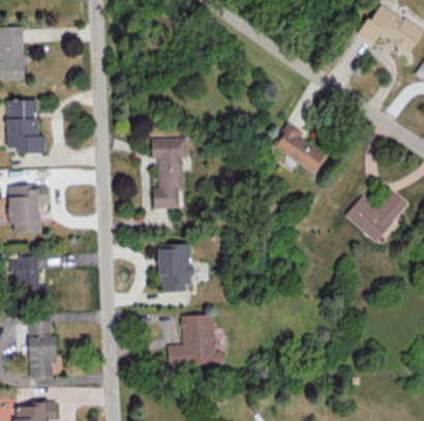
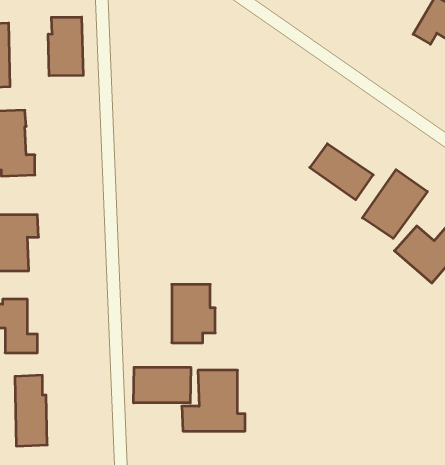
building: none -> [48,17,83,76]
building: [151,138,188,209] -> none
building: none -> [362,170,427,238]
building: none -> [134,367,191,403]

